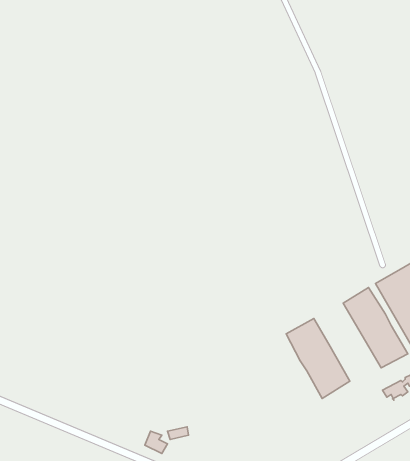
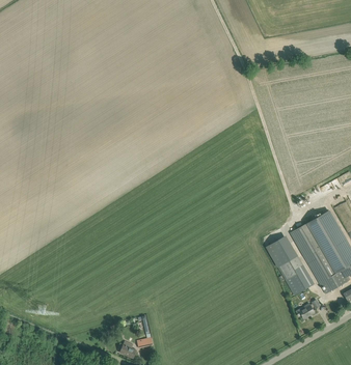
building: [286,319,350,399] -> none

